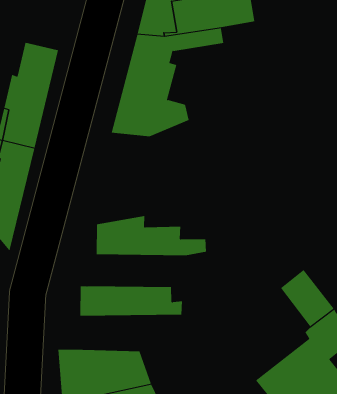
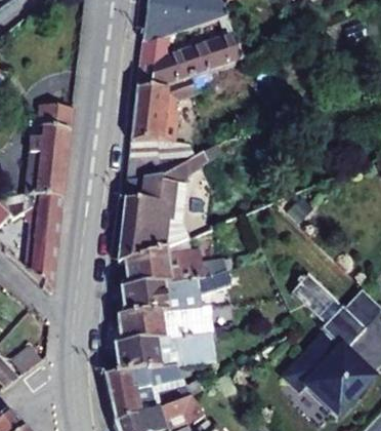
building: none -> [118,151,208,262]
building: none -> [121,265,245,314]
building: none -> [115,328,215,371]

